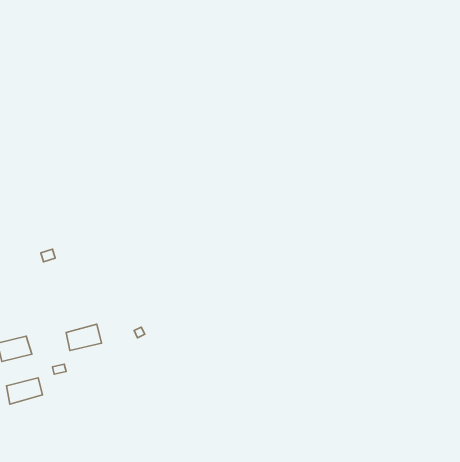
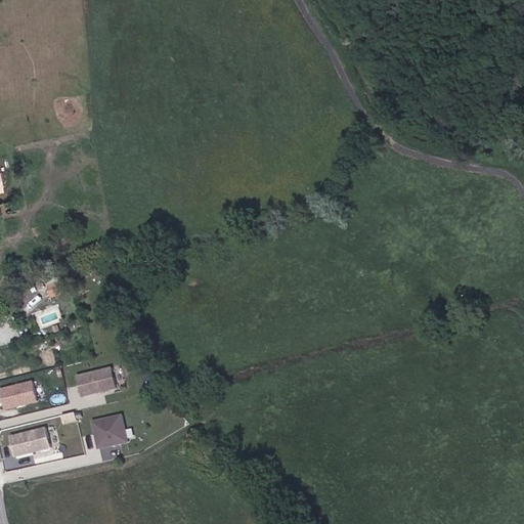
building: none -> [92,416,129,451]

